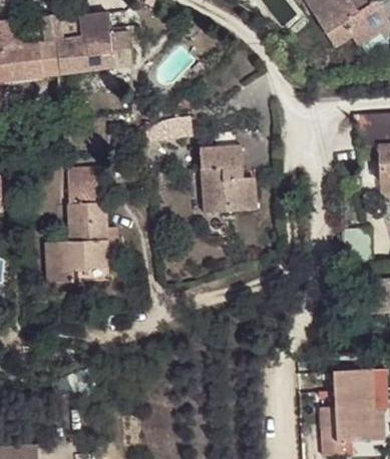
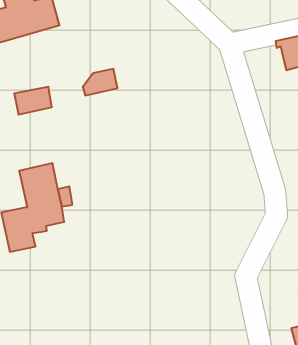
building: [202,147,258,213] -> none
building: [68,180,104,203] -> [14,87,52,115]

